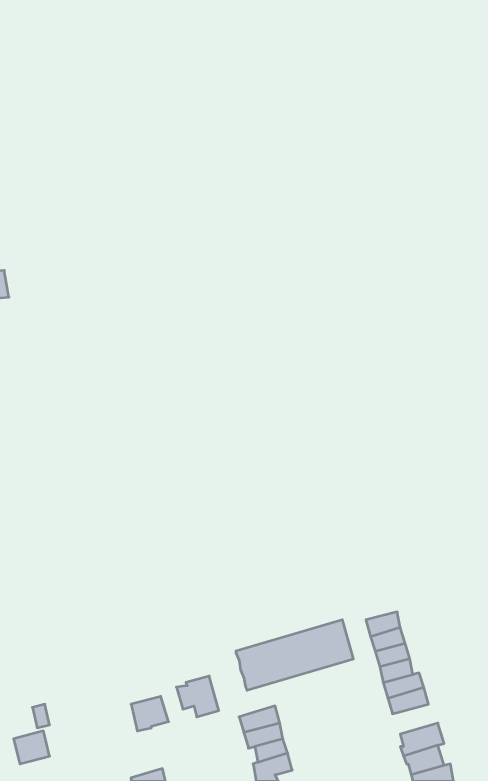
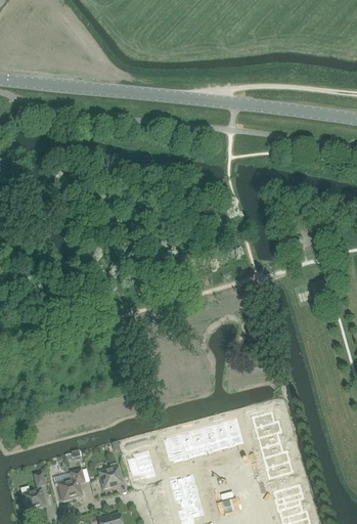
building: none -> [57,470,84,500]

